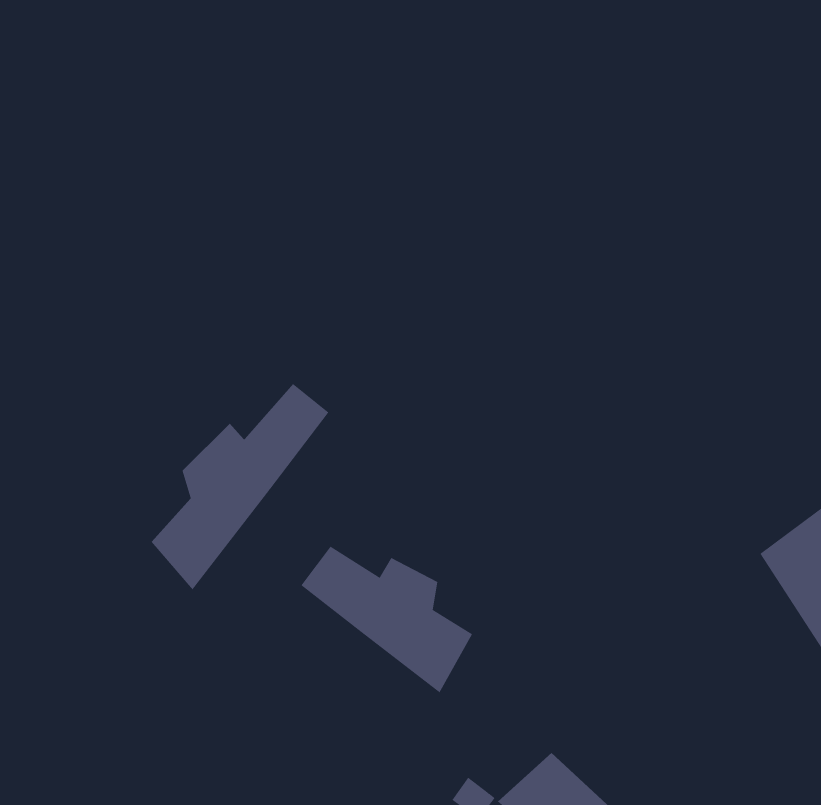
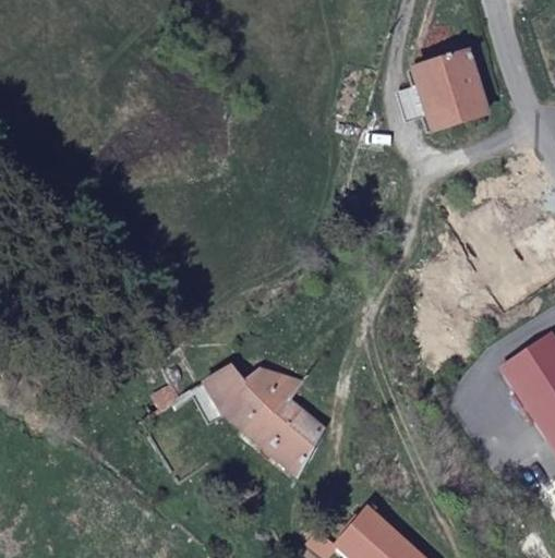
building: none -> [409,53,476,129]
building: [151,383,329,590] -> none

